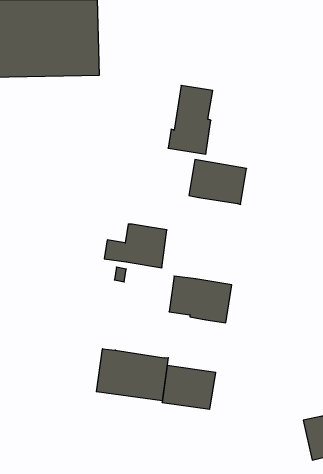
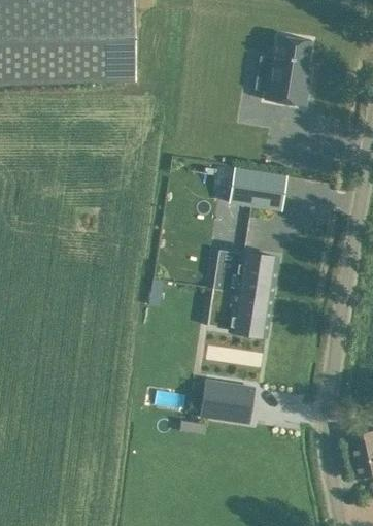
building: [168,85,213,154] -> [265,34,311,105]
building: [104,224,167,268] -> [212,251,277,296]
building: [96,349,168,401] -> none

